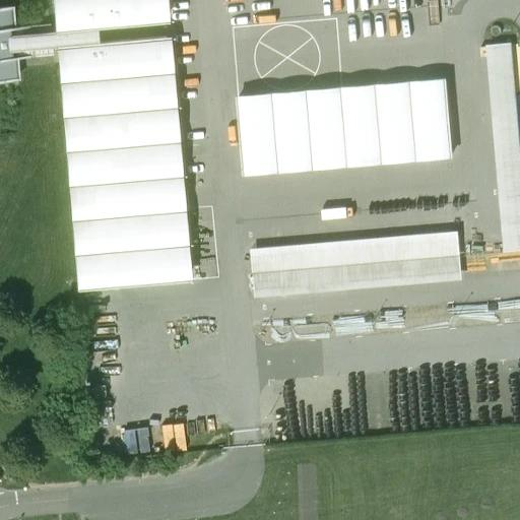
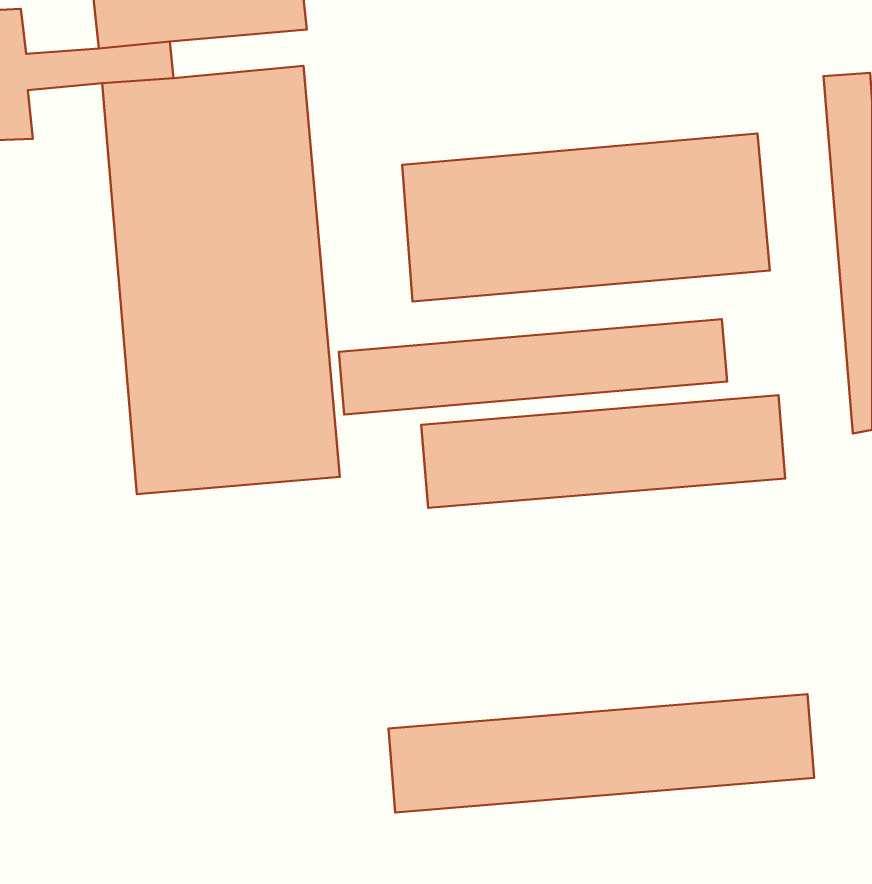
building: none -> [339,319,727,414]
building: none -> [388,694,814,813]

